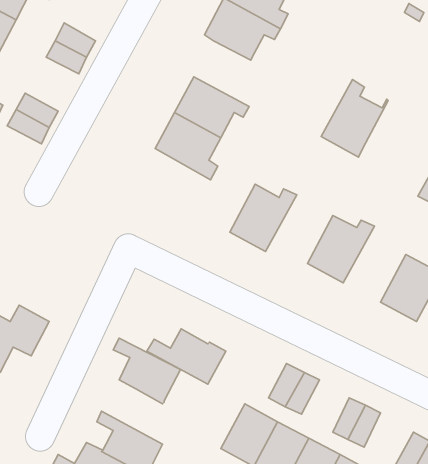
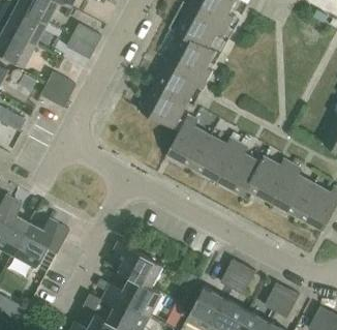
building: none -> [170,35,217,81]
building: [321,80,388,157] -> [219,142,266,196]
building: none -> [168,115,212,168]
building: none -> [273,163,316,216]
building: [147,329,226,384] -> [105,276,160,314]

